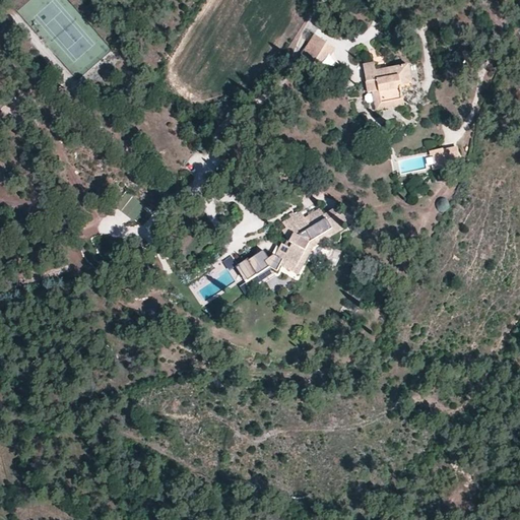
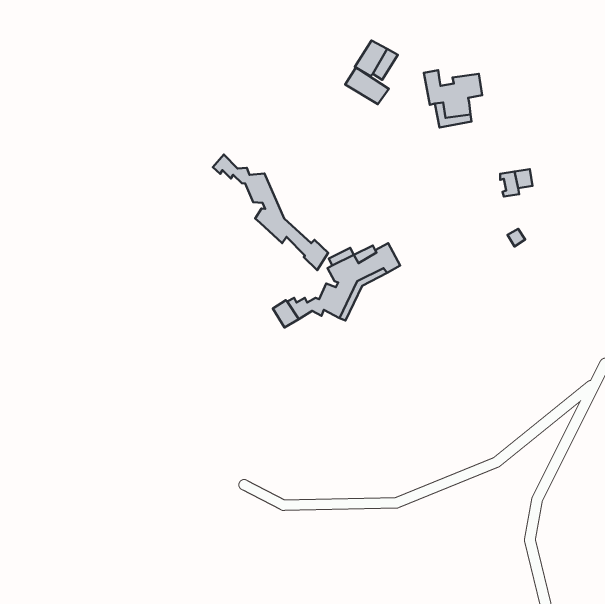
building: none -> [345,68,389,104]
building: none -> [213,154,328,270]

